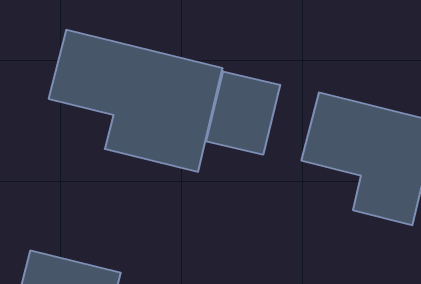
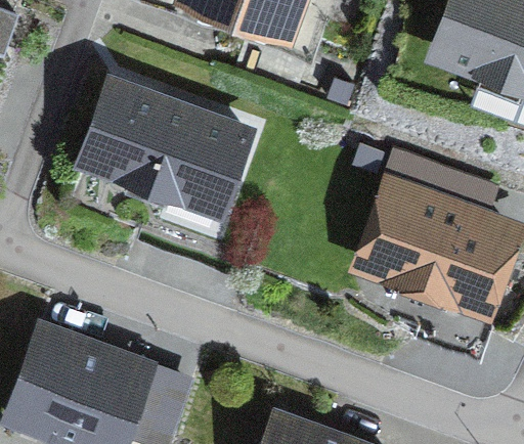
building: [206,71,280,155] -> none

